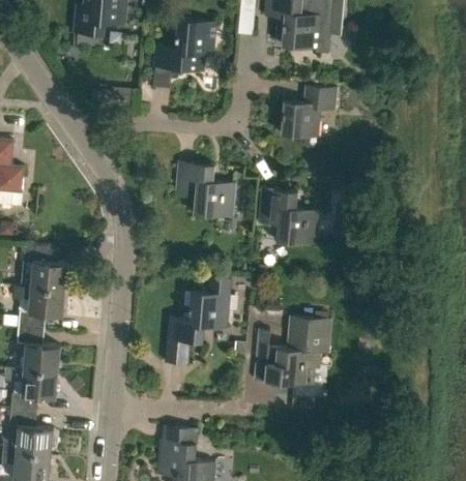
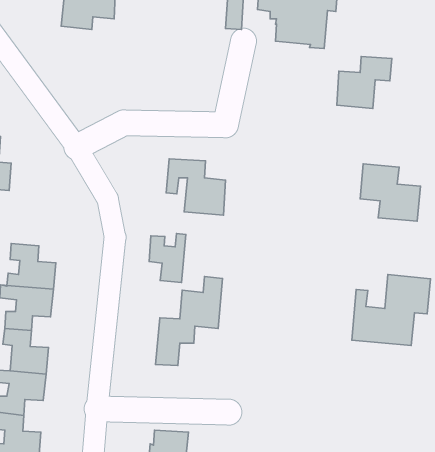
building: [154,20,216,72] -> none
building: [283,87,337,138] -> [337,56,392,108]
building: [259,188,318,244] -> [360,164,421,221]
building: none -> [149,234,186,282]
building: [255,315,331,385] -> [352,275,430,346]

